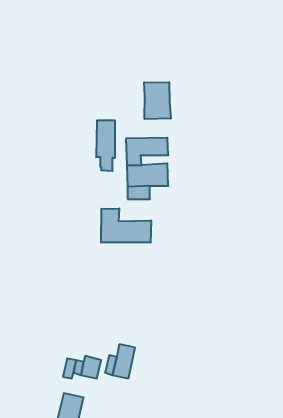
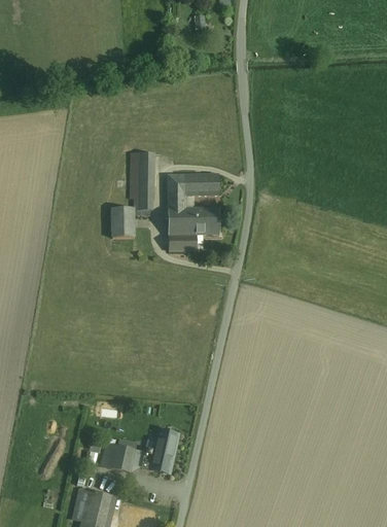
building: [144,82,171,119] -> none
building: none -> [112,207,134,237]
building: [101,208,151,243] -> none

